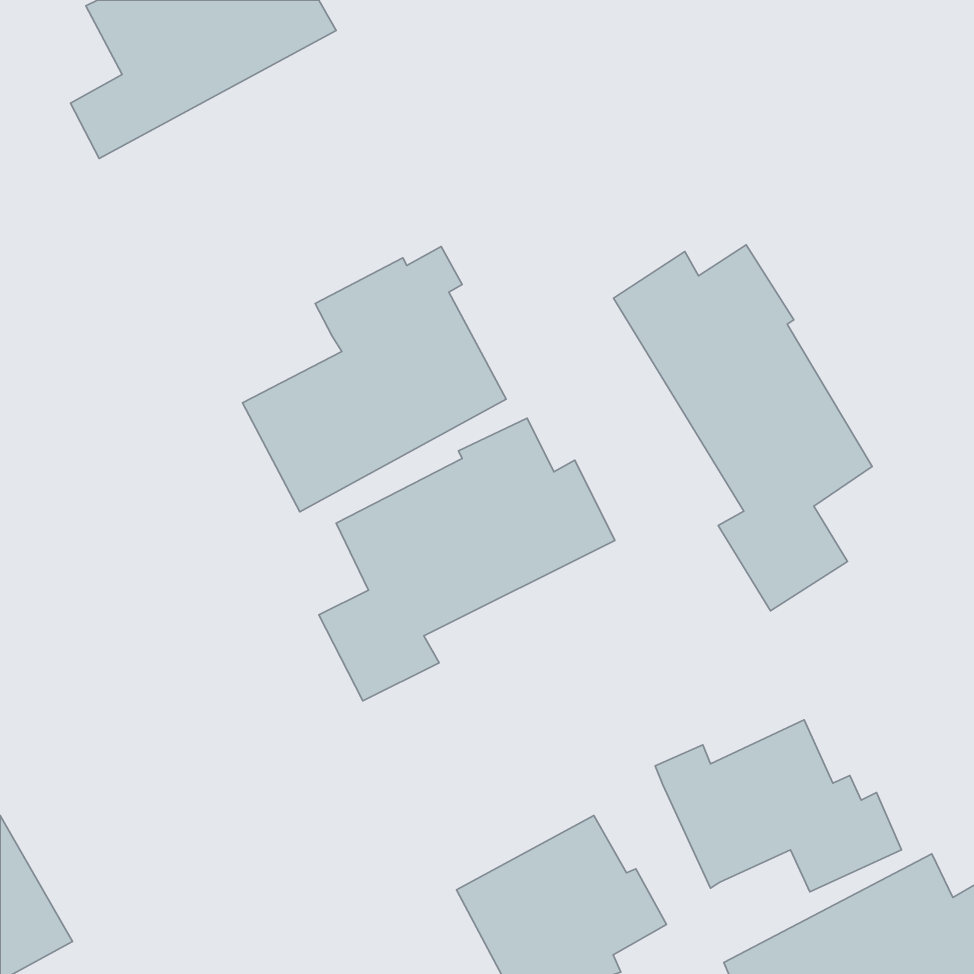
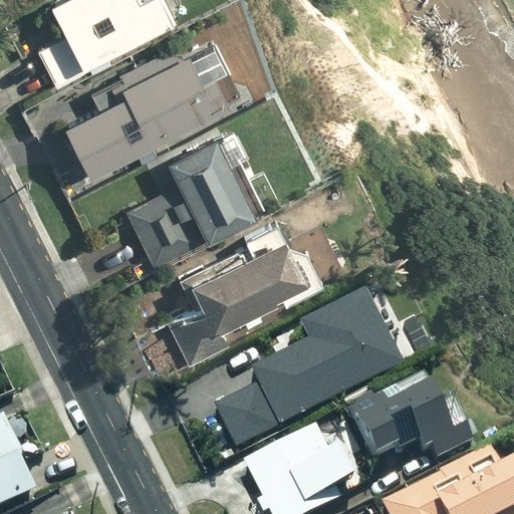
building: none -> [63,40,245,177]
building: [613,245,872,611] -> none
building: none -> [221,284,404,445]

